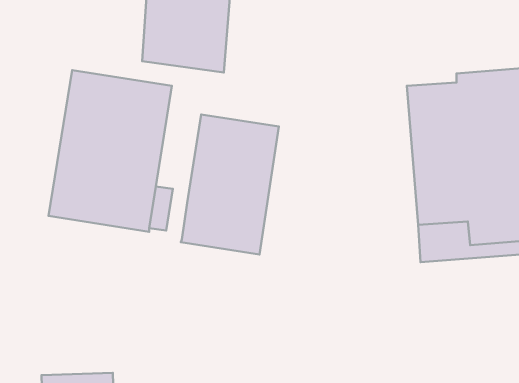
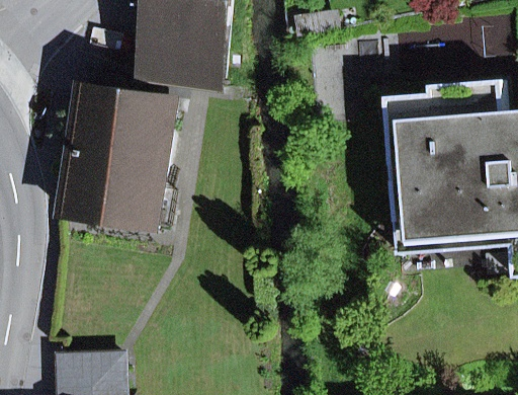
building: [181,115,279,255] -> none

